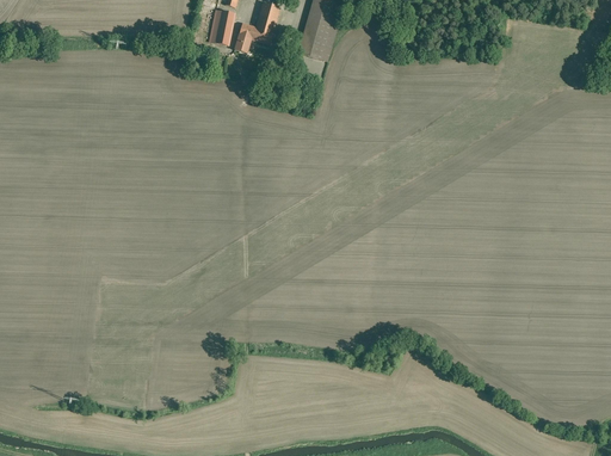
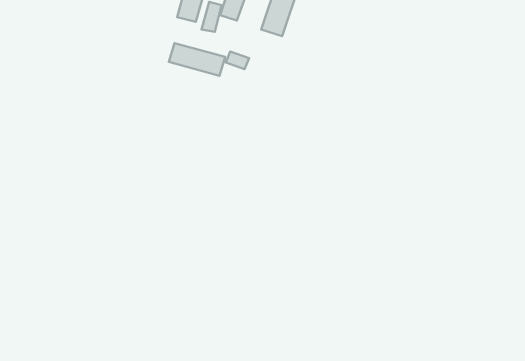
building: none -> [169,43,225,76]

